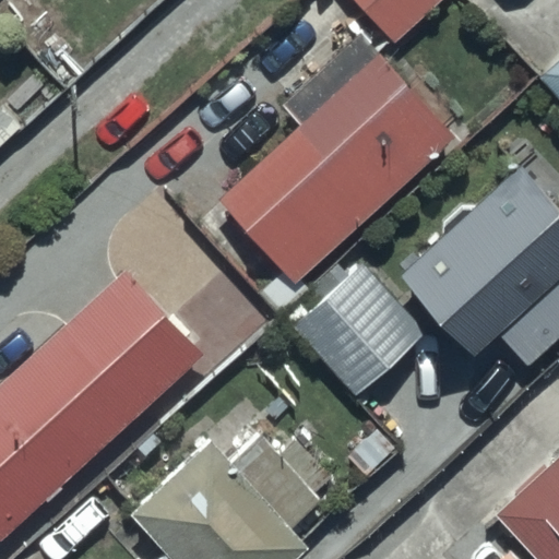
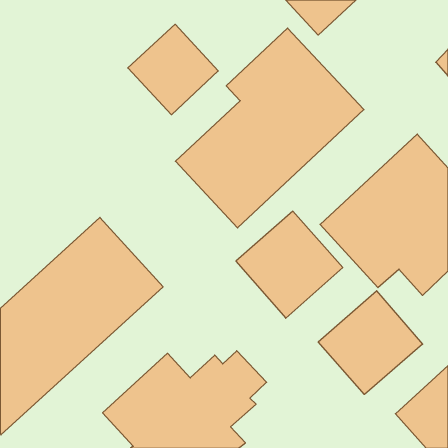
building: none -> [128,24,218,115]
building: none -> [318,291,423,394]

